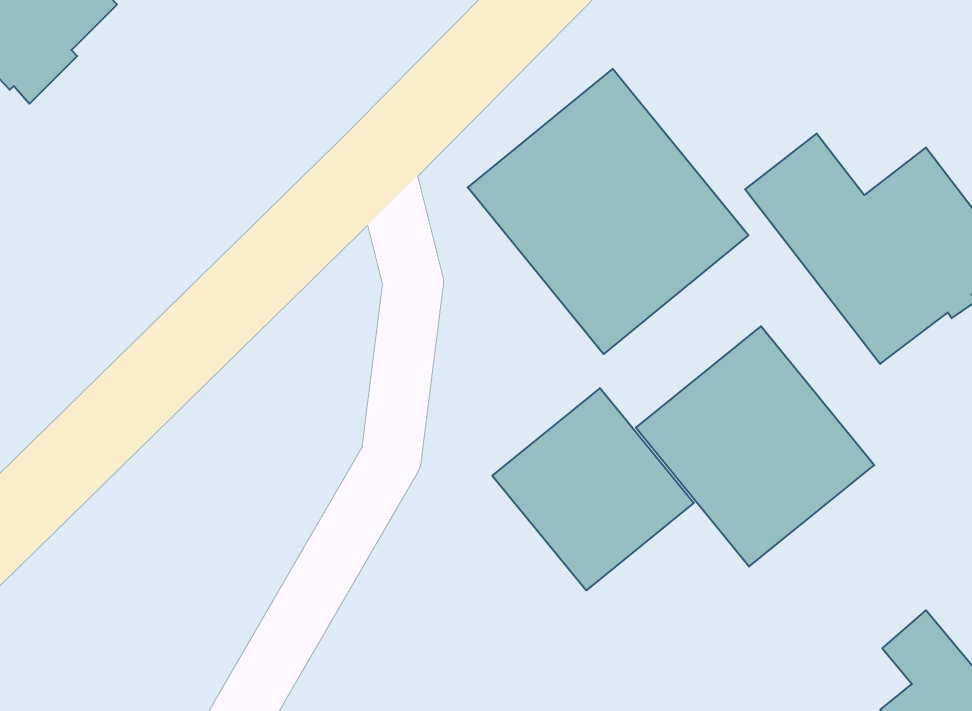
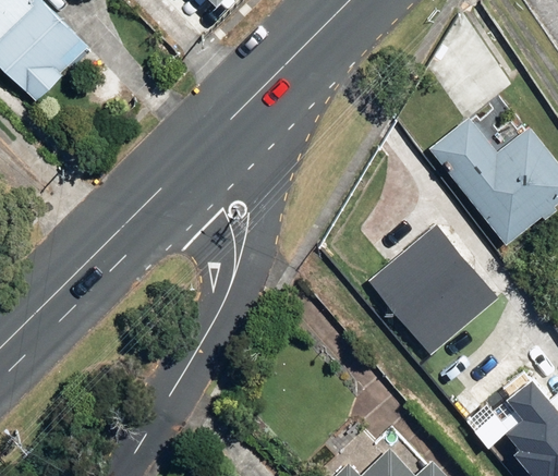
building: [468,69,748,354] -> none
building: [492,388,694,590] -> none

